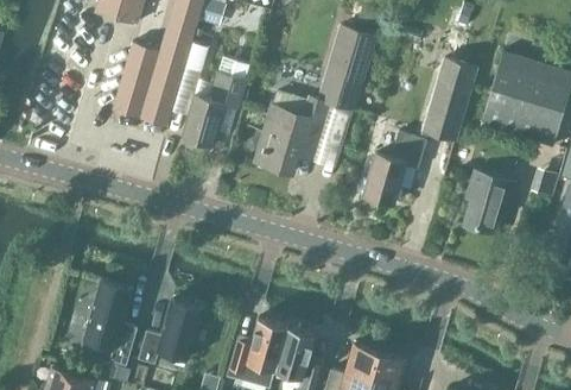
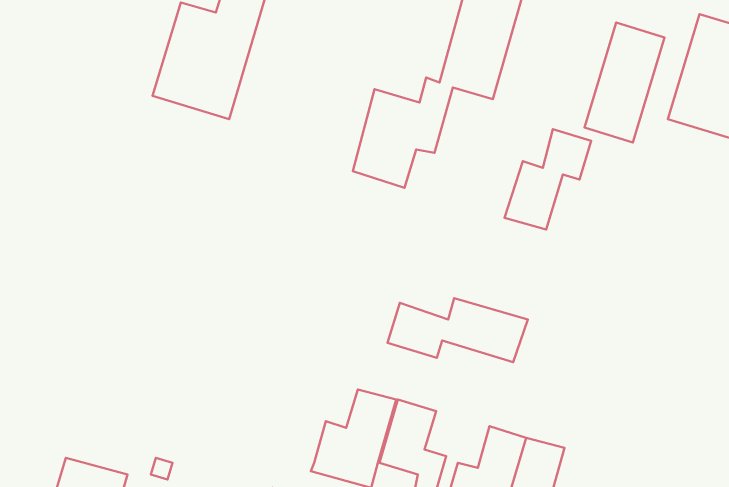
building: [183,57,249,150] -> none
building: [463,172,514,234] -> none
building: none -> [387,298,528,362]
building: [83,281,135,367] -> none
building: [139,300,201,367] -> none

